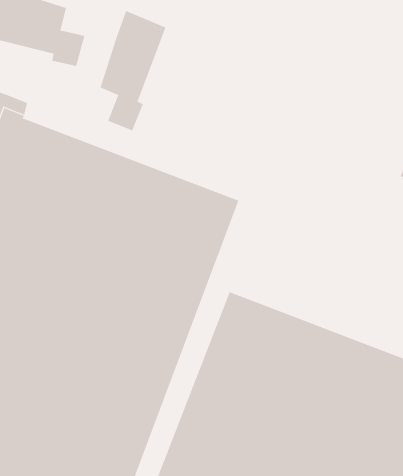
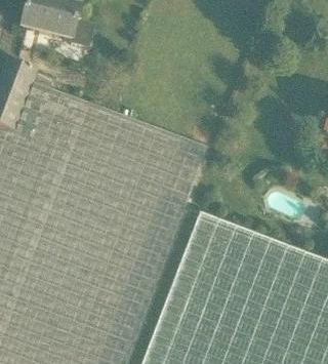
building: [100,10,166,131] -> none

